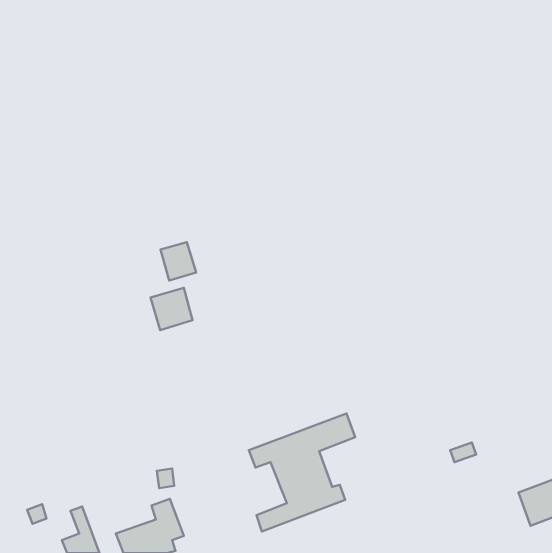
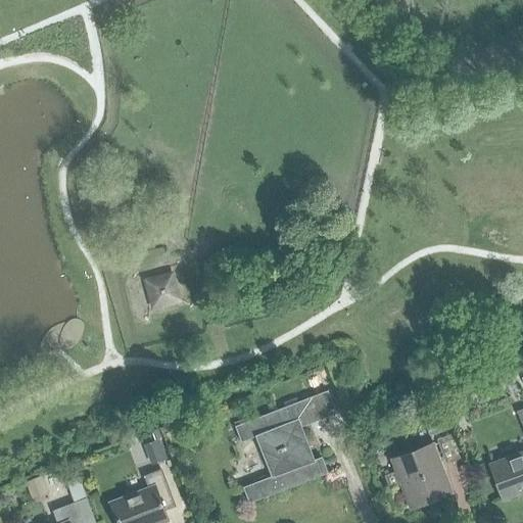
building: [160,242,196,280] -> none
building: none -> [385,443,451,508]

